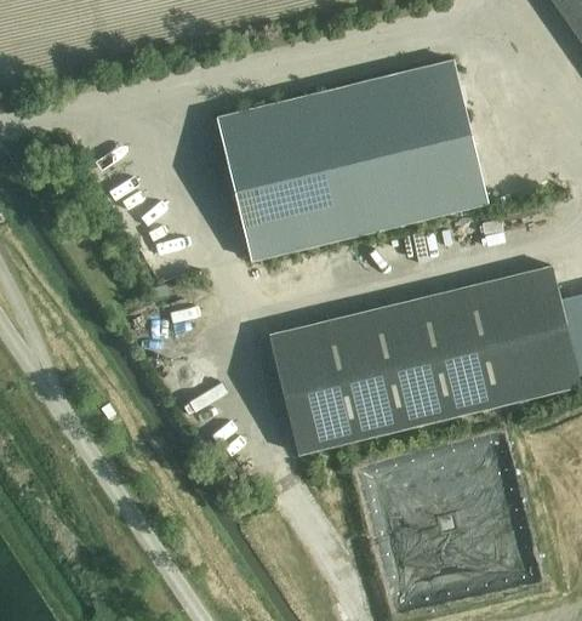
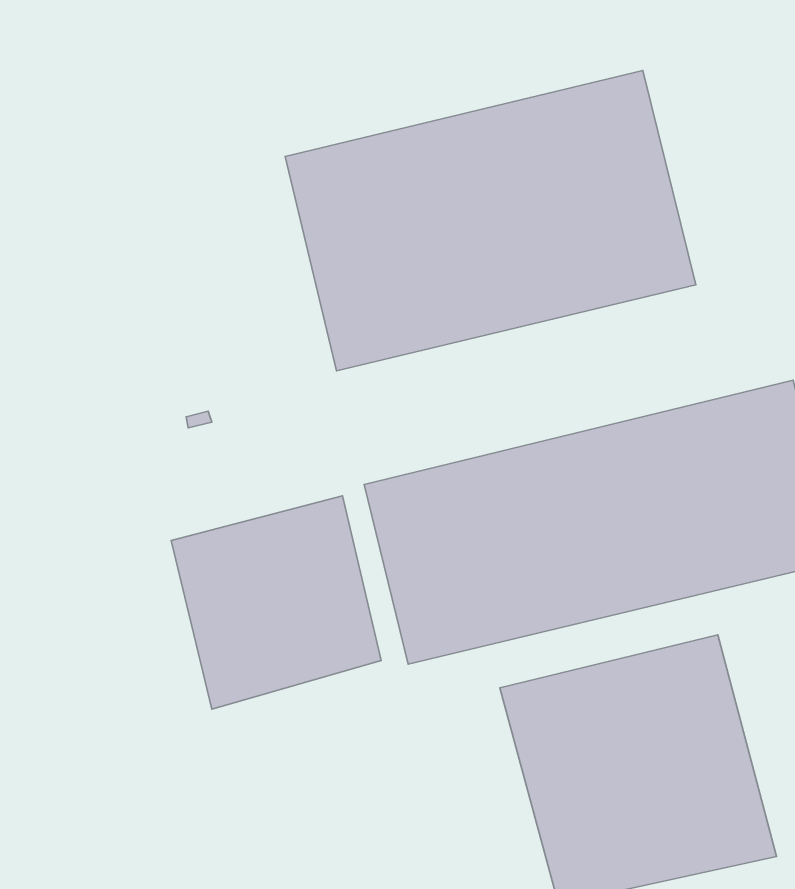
building: none -> [171,496,381,709]

